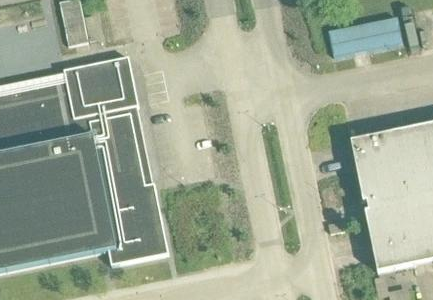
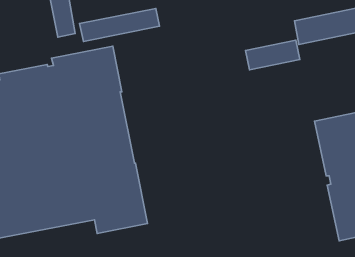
building: none -> [80,8,160,41]
building: none -> [245,40,300,70]

